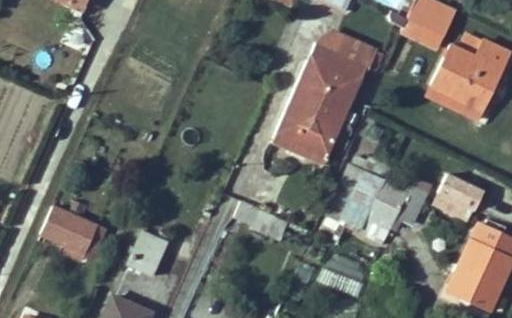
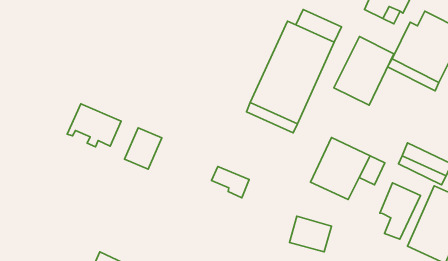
building: none -> [334,36,394,105]
building: [40,206,99,253] -> [67,104,121,147]
building: none -> [380,183,420,239]
building: [127,231,168,276] -> [124,128,162,169]

